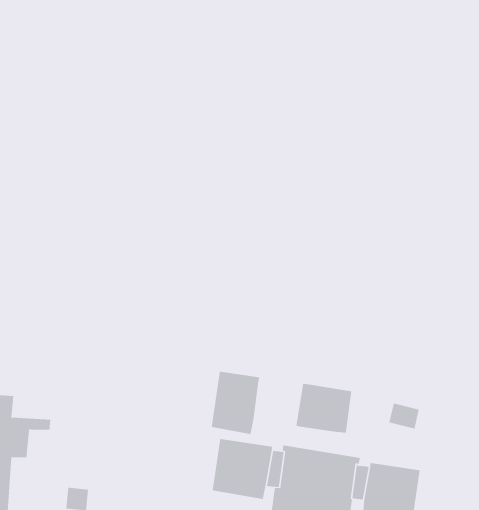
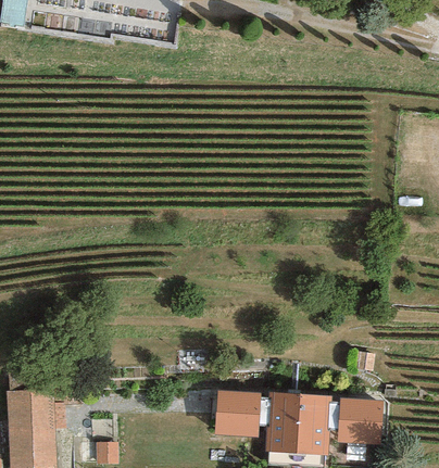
building: [211,371,260,435] -> none
building: [296,383,352,434] -> none

